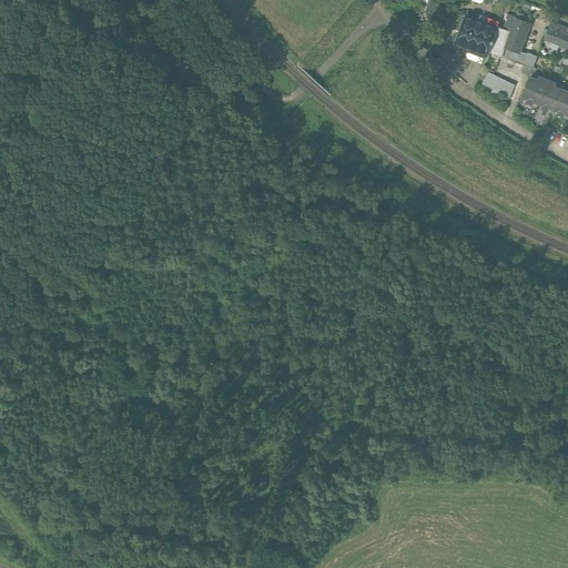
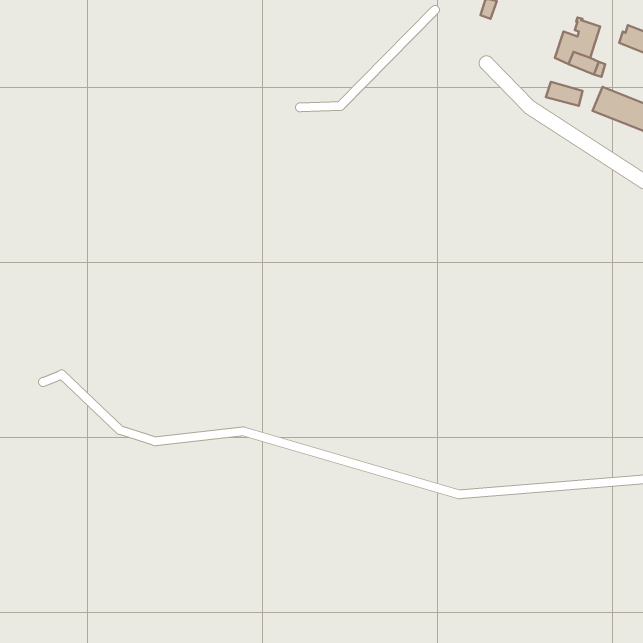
building: [456,17,497,55] -> none

